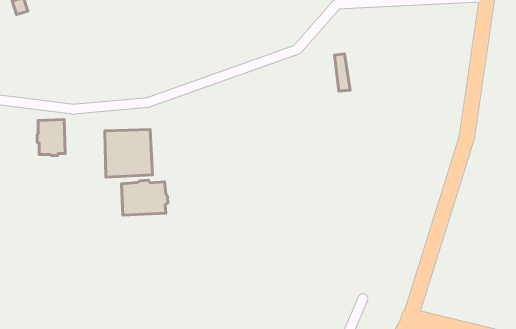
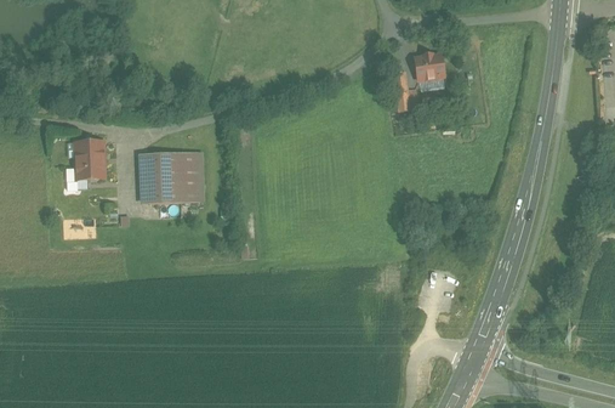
building: none -> [415,53,444,79]
building: [122,180,168,215] -> none

